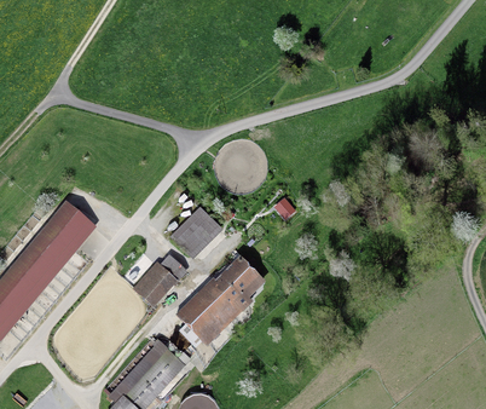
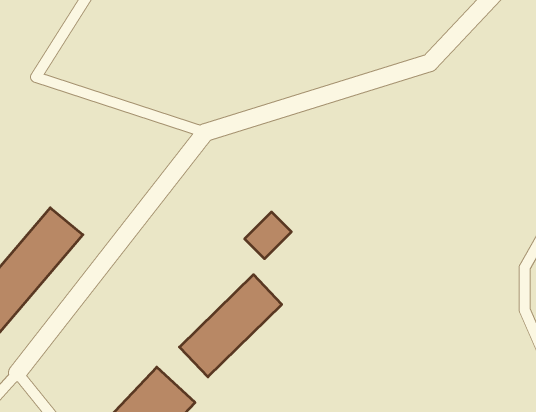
building: [179,213,219,253] -> [245,212,291,259]
building: [139,260,179,299] -> none

